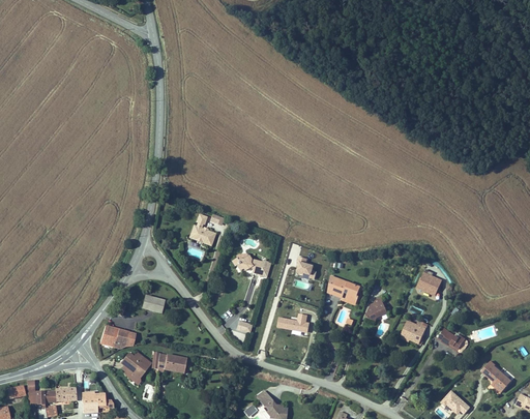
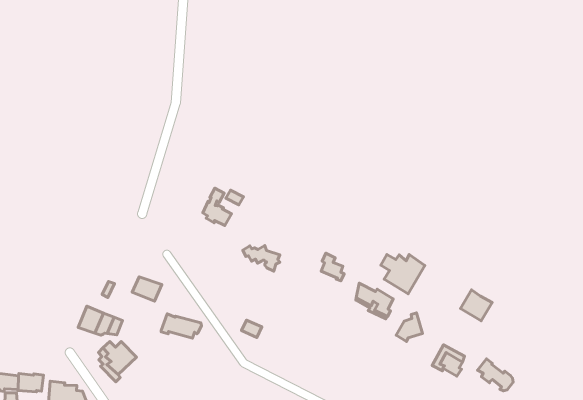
building: none -> [381,254,425,294]
building: [276,312,308,332] -> none
building: [156,354,189,371] -> [161,314,202,338]

